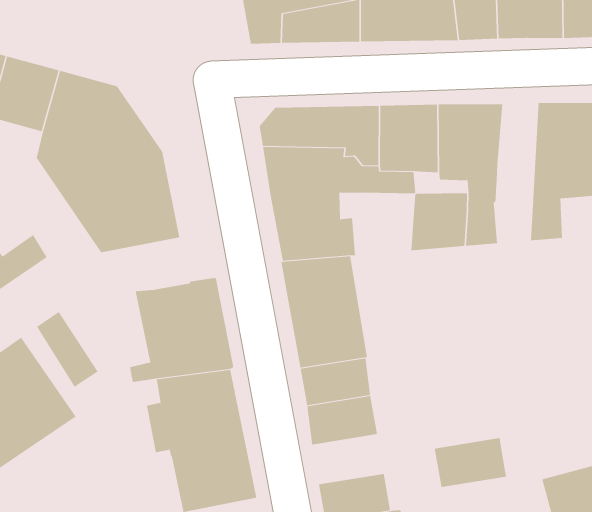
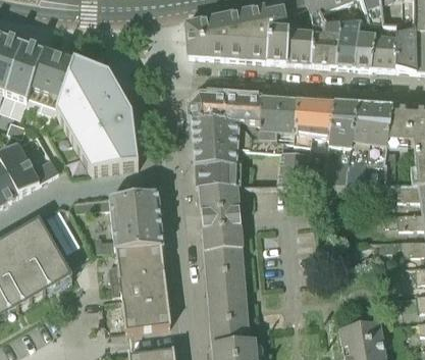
building: none -> [325,101,356,184]
building: [434,438,507,487] -> [205,291,247,317]

